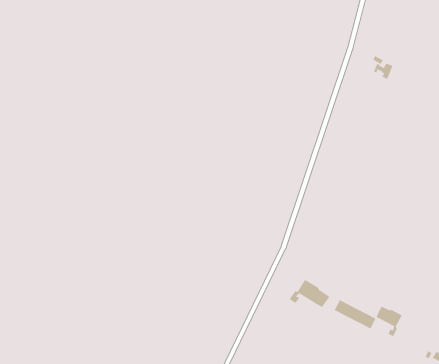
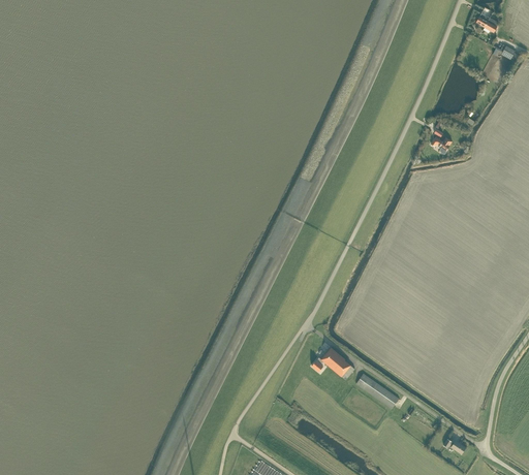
building: [376,306,402,337] -> none

